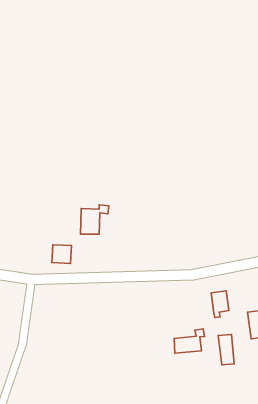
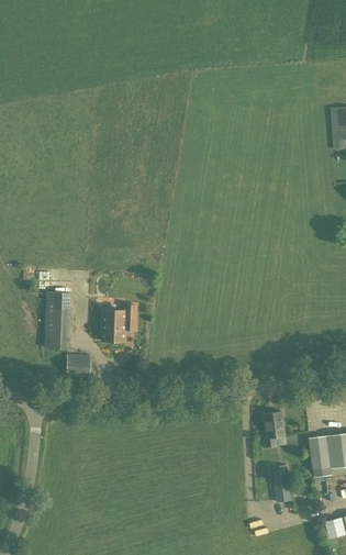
building: none -> [46,292,70,348]
building: [174,329,204,353] -> none

